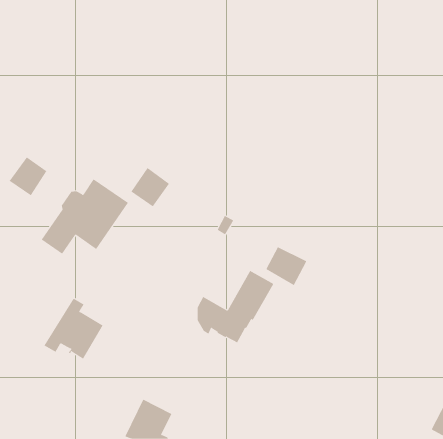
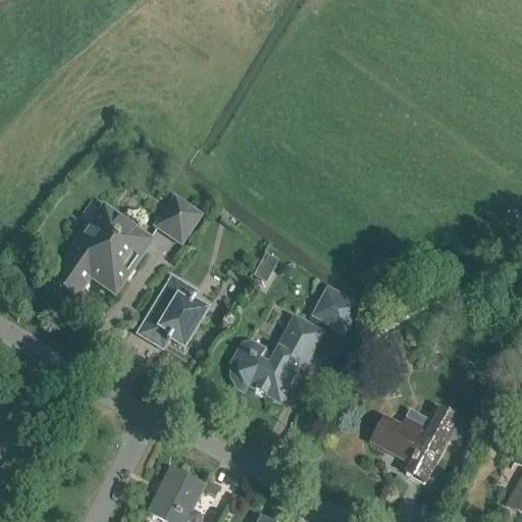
building: [9,157,47,196] -> none
building: [44,298,104,360] -> [138,275,208,348]
building: none -> [370,407,470,481]

